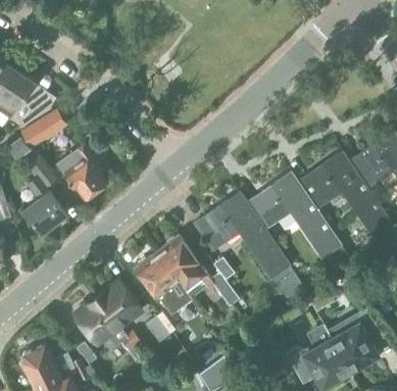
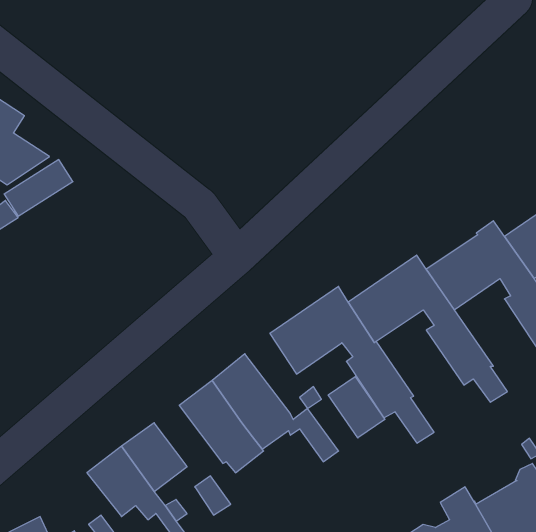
building: [58,146,107,199] -> none
building: [24,153,66,238] -> none
building: none -> [328,376,385,438]

